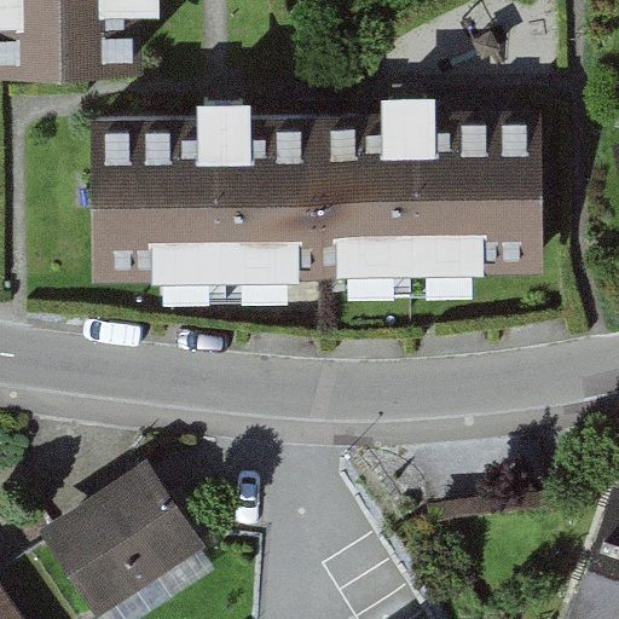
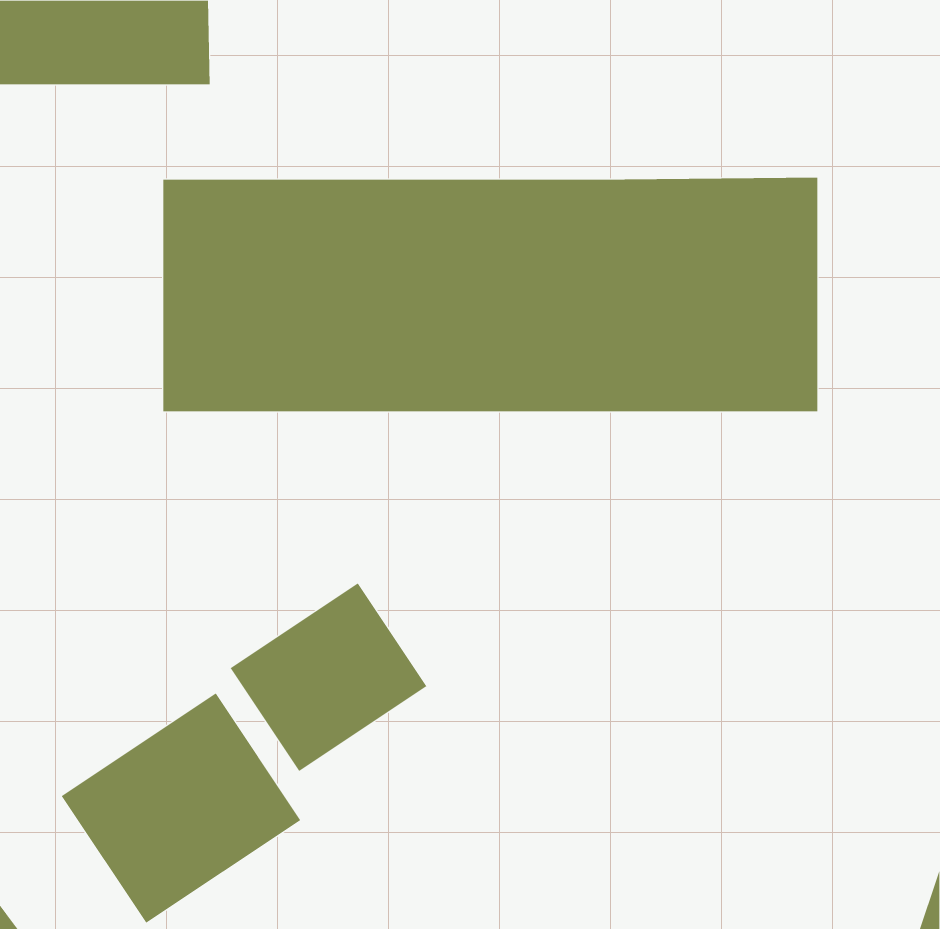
building: none -> [230,583,427,772]

